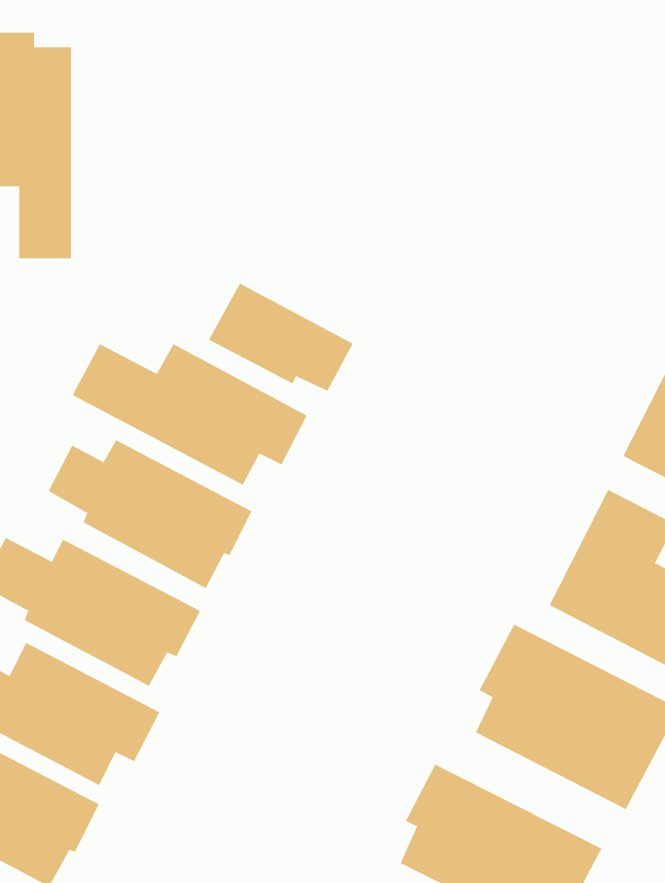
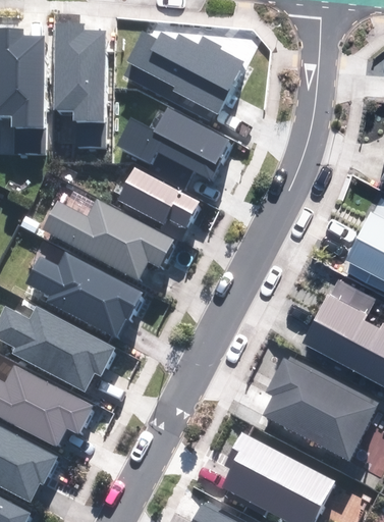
building: none -> [55,23,104,147]
building: none -> [120,33,244,124]
building: none -> [117,109,229,179]

